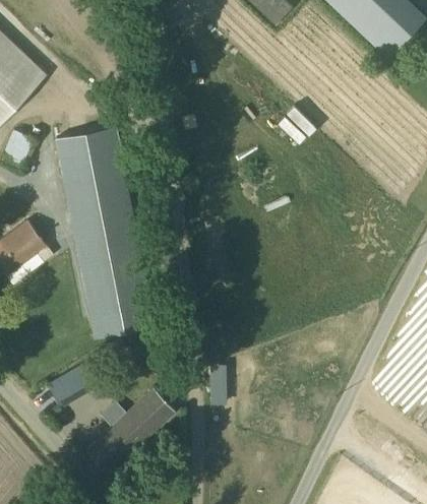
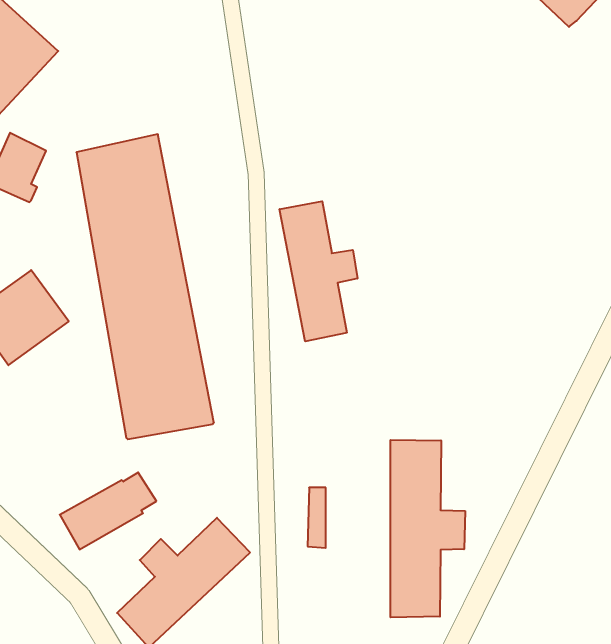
building: none -> [280,201,357,341]
building: none -> [391,440,465,617]

